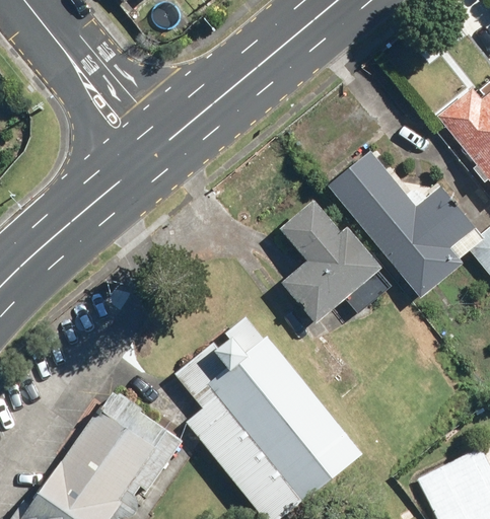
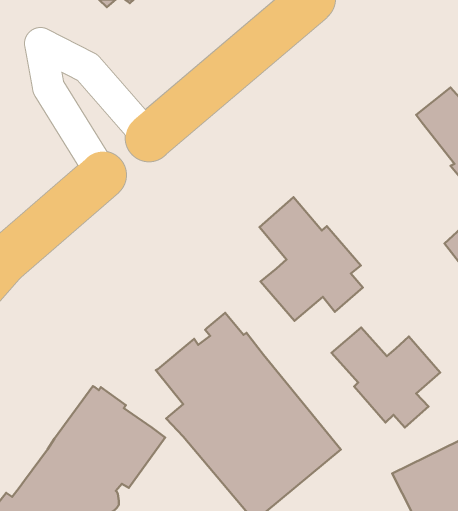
building: [325,147,476,300] -> none
building: none -> [331,327,440,427]

